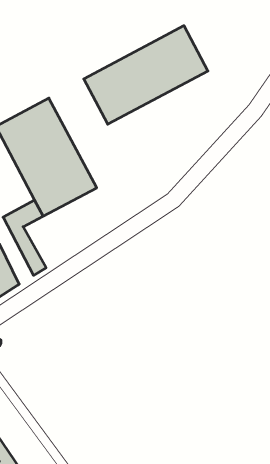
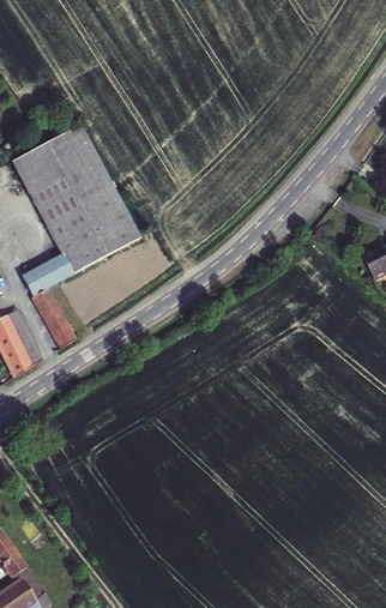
building: [84,26,208,124] -> none

